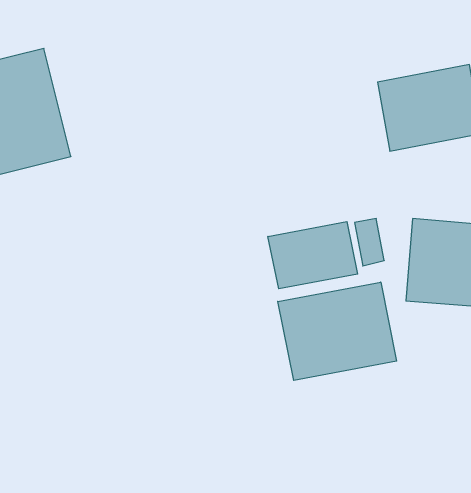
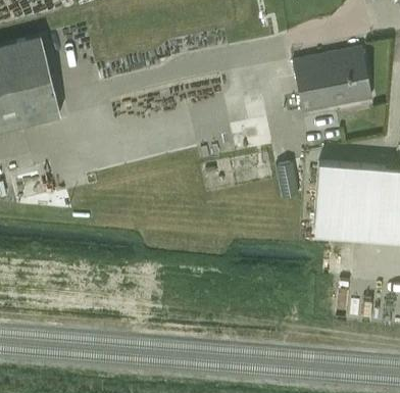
building: [268,222,358,289] -> none
building: [278,282,397,380] -> none

